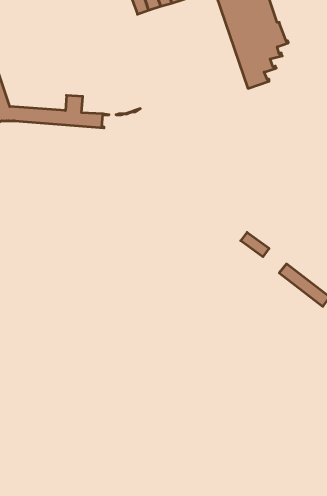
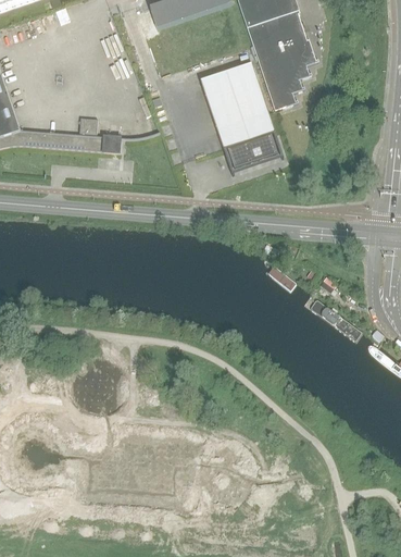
building: none -> [199,61,276,165]

